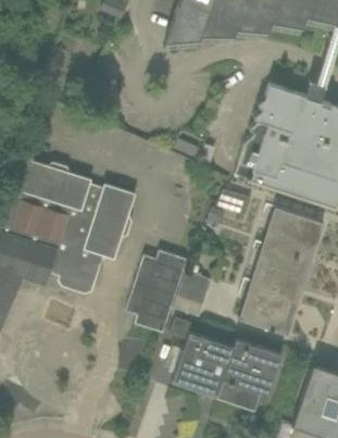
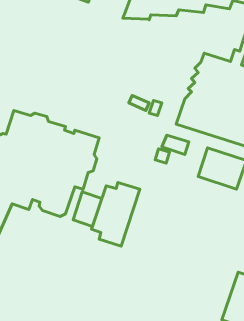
building: [237,243,311,335] -> none
building: [173,272,210,316] -> [73,192,102,226]
building: [171,316,281,412] -> none

